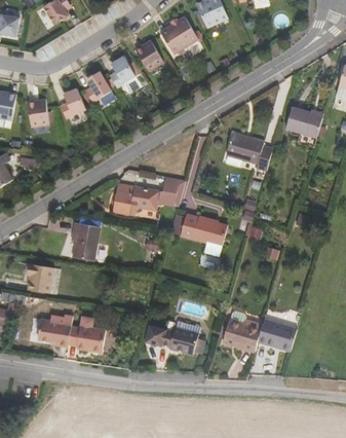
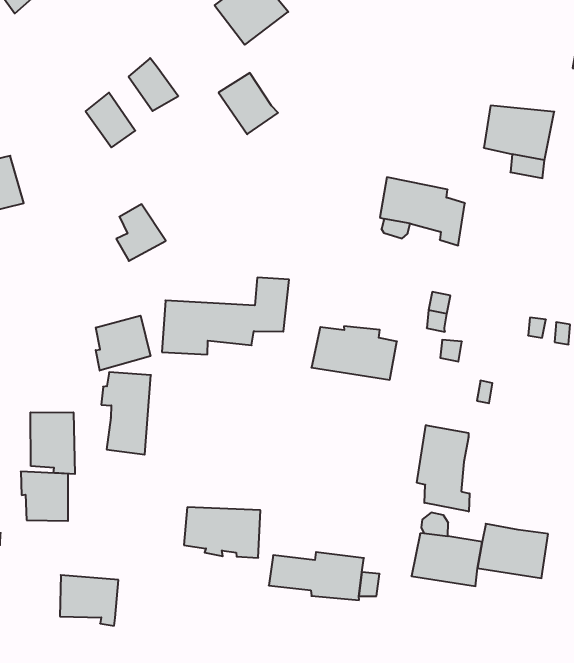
building: [132,41,162,73] -> [219,73,278,134]
building: [56,88,82,117] -> [116,204,166,261]
building: none -> [96,316,150,371]
building: none -> [31,412,75,474]
building: none -> [417,425,470,512]
building: [67,326,109,357] -> [184,507,260,558]

